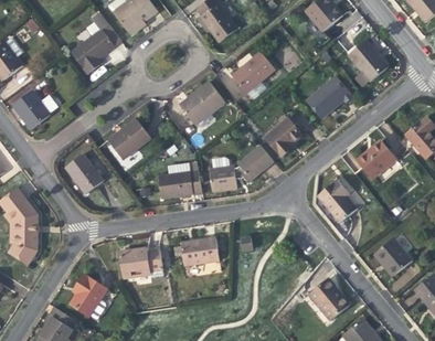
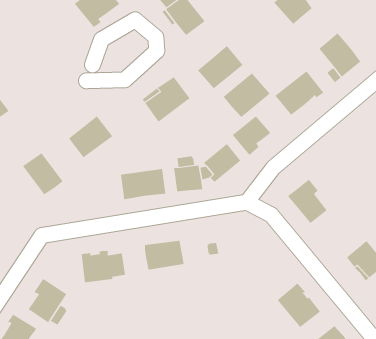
building: [71,23,120,73] -> none
building: none -> [223,73,270,118]
building: [356,139,396,179] -> none

